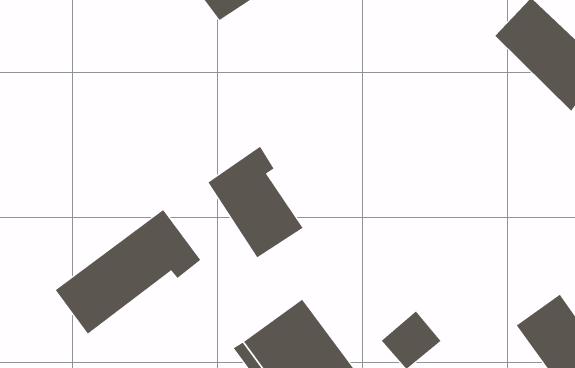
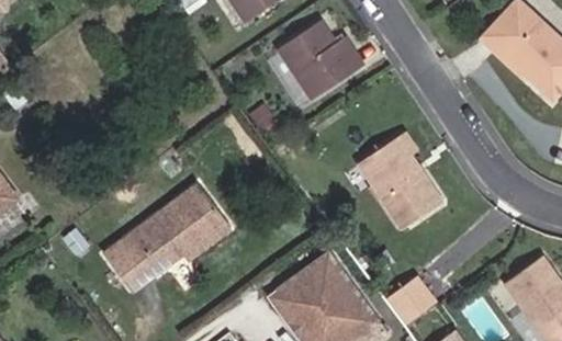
building: none -> [280,20,363,98]
building: [207,146,304,258] -> [357,132,440,229]

